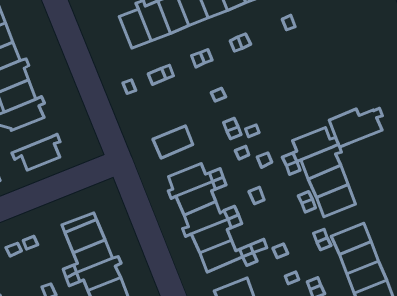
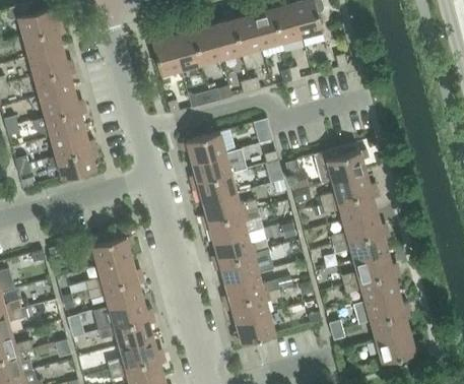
building: none -> [150,36,181,75]
building: none -> [180,132,225,163]
building: [329,108,382,147] -> [314,147,368,184]
building: none -> [50,128,95,157]
building: none -> [191,173,237,202]
building: none -> [353,252,393,281]
building: none -> [223,293,269,322]

